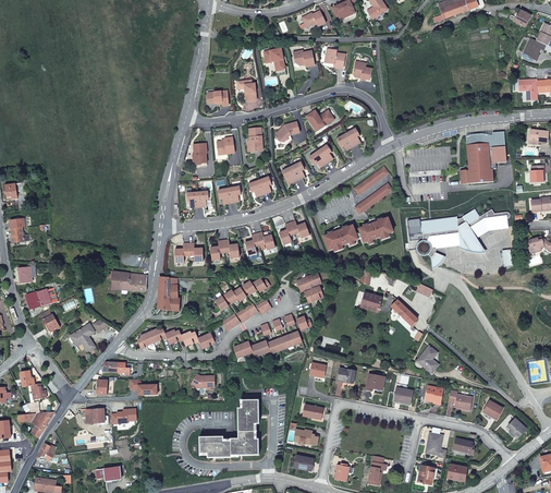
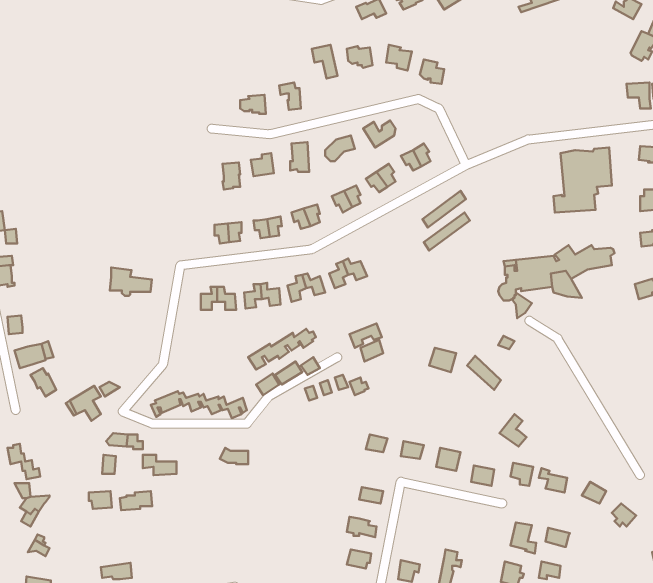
building: [323,217,393,250] -> none
building: [111,270,145,293] -> [110,267,152,296]
building: [157,277,179,311] -> none
building: [232,330,301,358] -> none
building: [198,394,258,456] -> none

